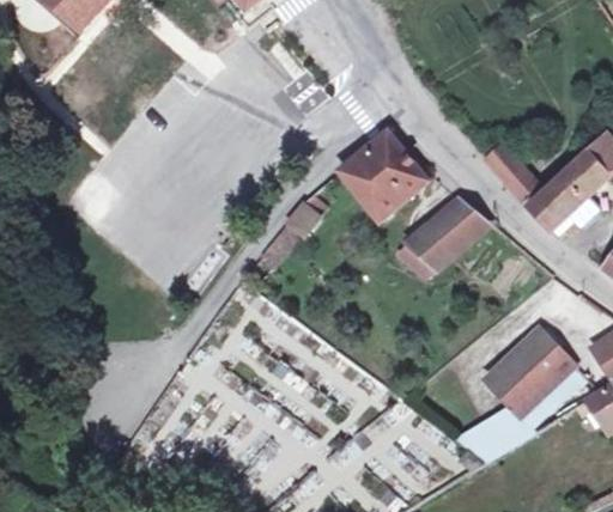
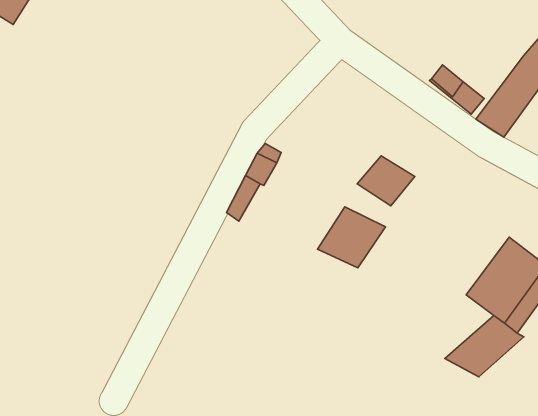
building: [339,130,425,218] -> none
building: [425,196,490,251] -> none
building: none -> [318,207,385,268]

